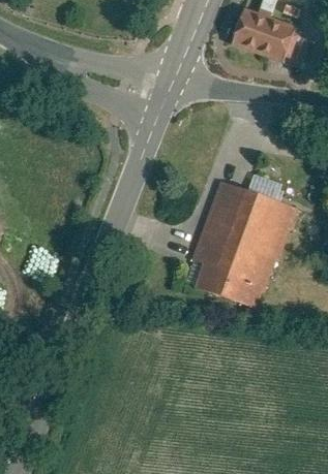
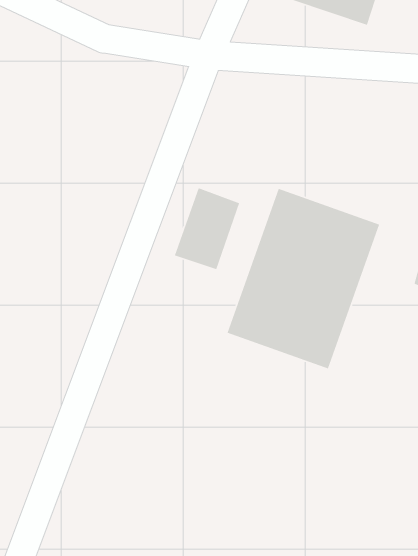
building: none -> [174,187,240,270]

